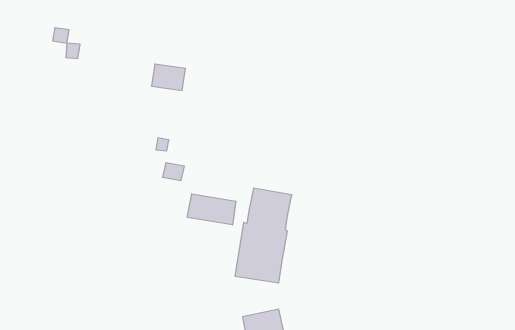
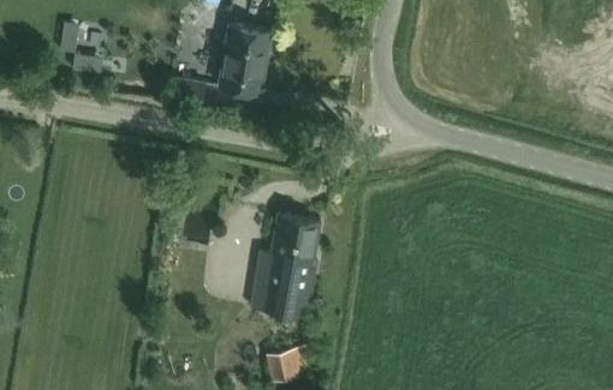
building: none -> [218,24,270,92]
building: [187,194,236,225] -> none

